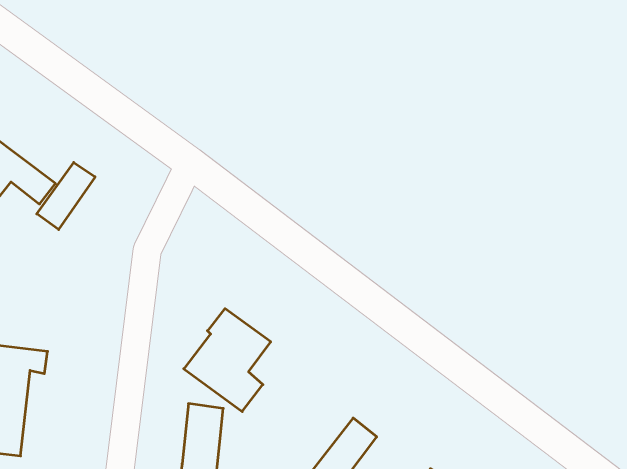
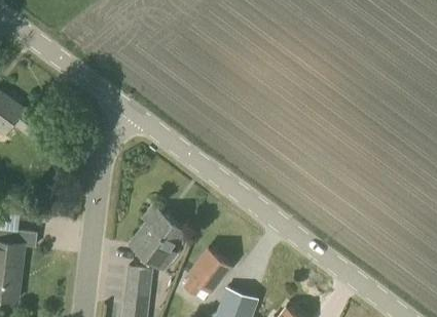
building: [37,162,95,230] -> none
building: none -> [184,249,231,296]

